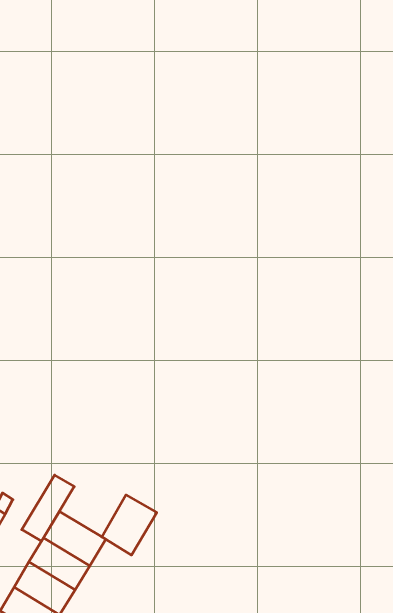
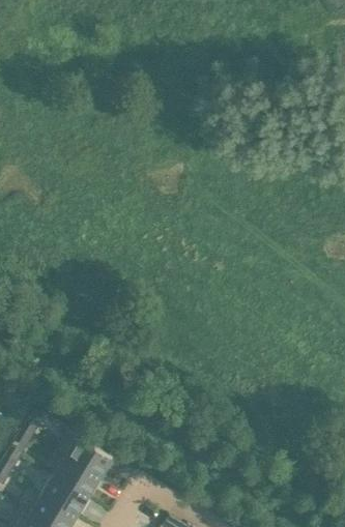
building: [22,475,74,541] -> none
building: [102,495,157,555] -> none

